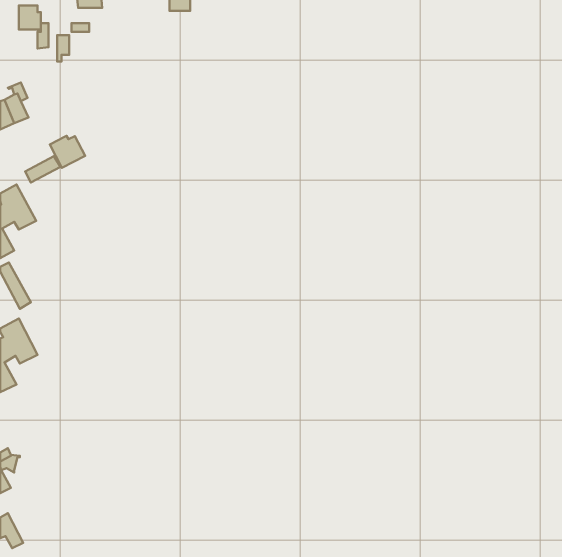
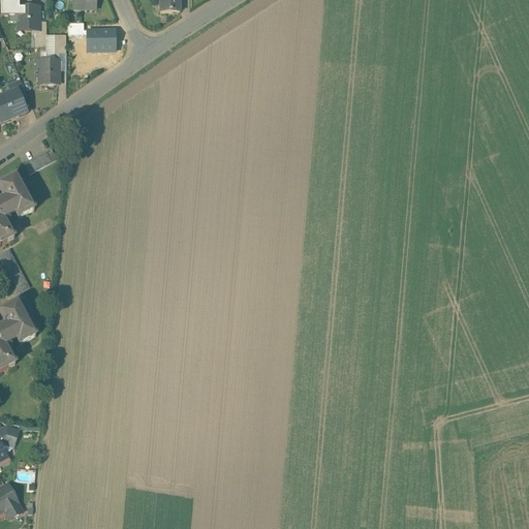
building: none -> [87,29,115,50]
building: none -> [39,58,59,83]
building: [50,136,85,168] -> none

